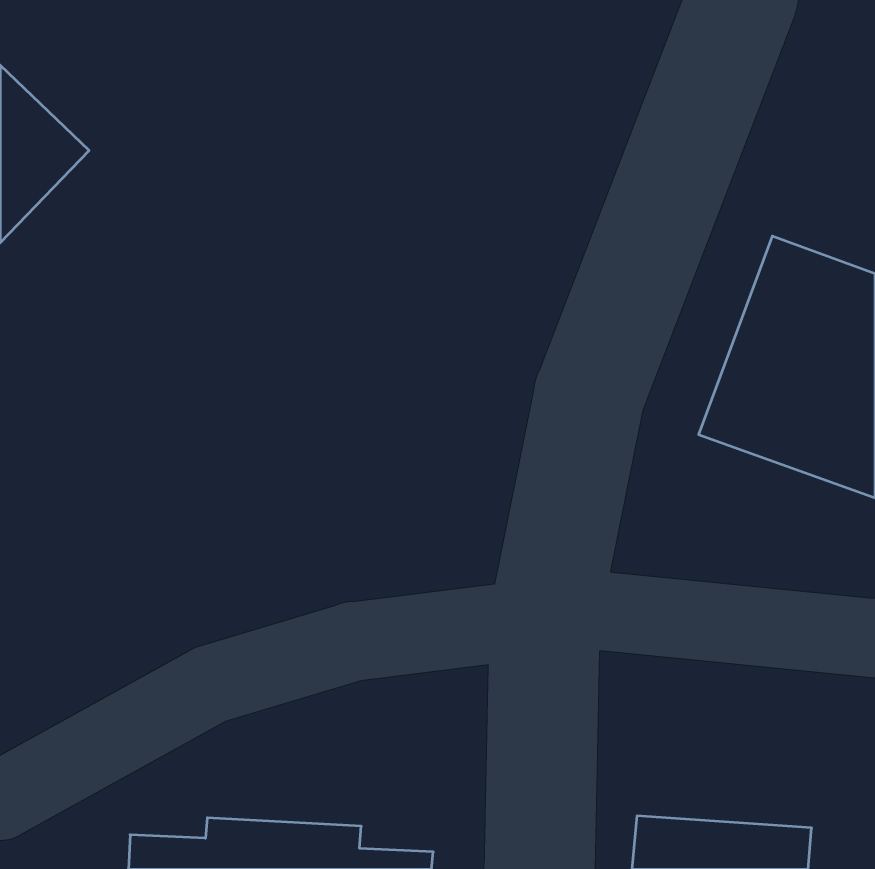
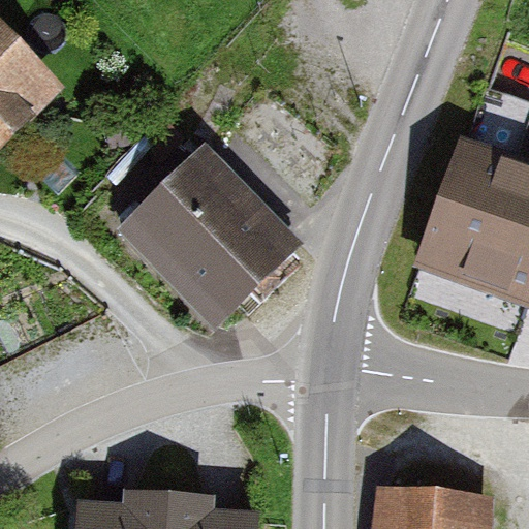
building: none -> [129,152,295,318]

